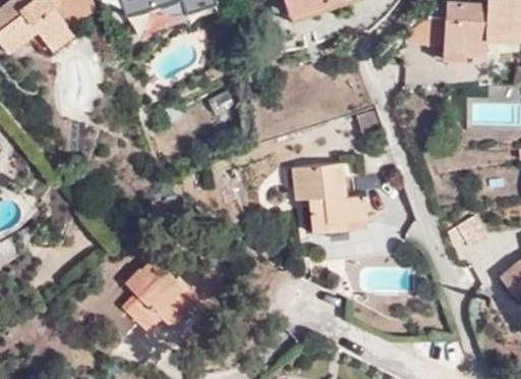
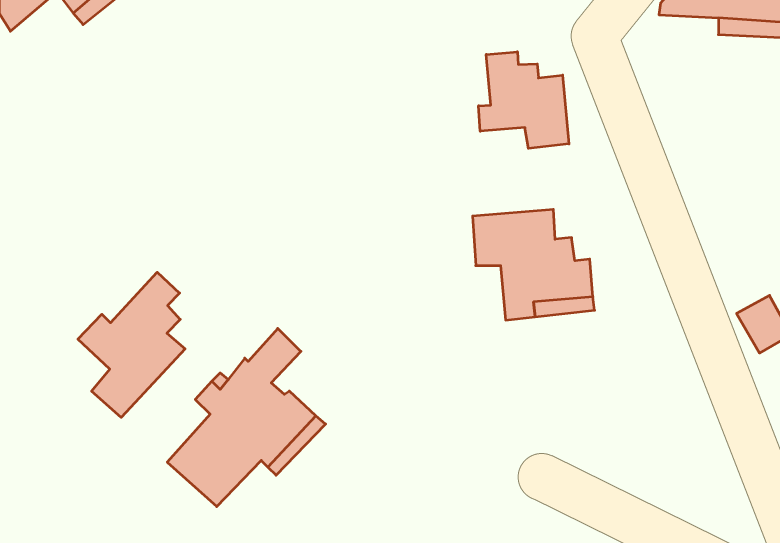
building: none -> [479,52,569,148]
building: none -> [78,272,185,417]

